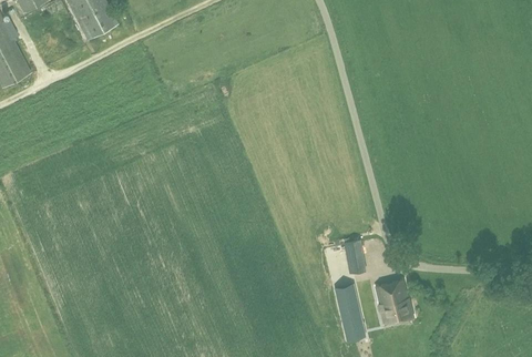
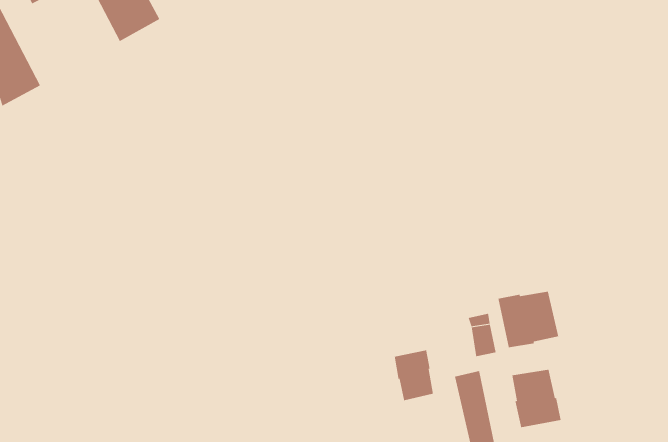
building: none -> [498,291,559,348]
building: none -> [394,350,434,401]

